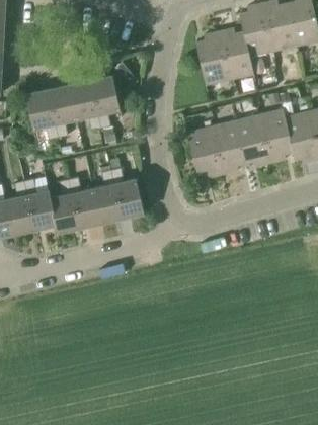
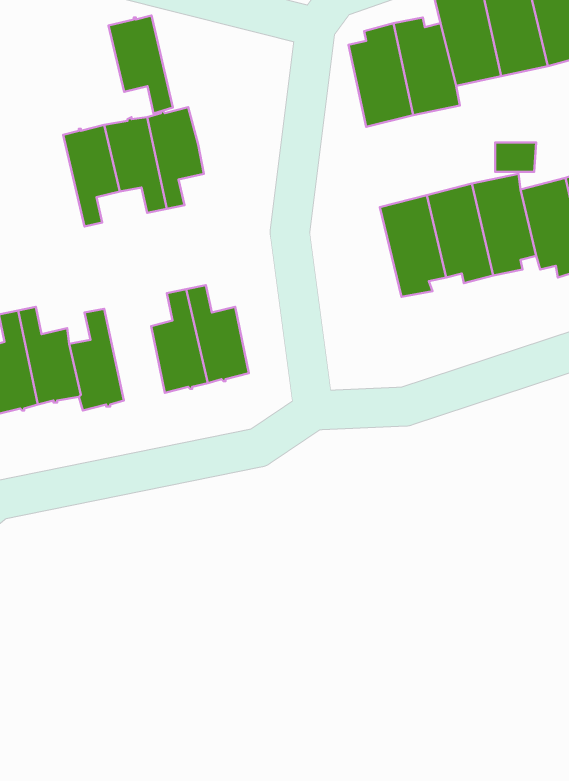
building: [25,89,59,140] -> [108,16,173,113]
building: [185,118,223,177] -> none
building: [69,176,100,227] -> none

